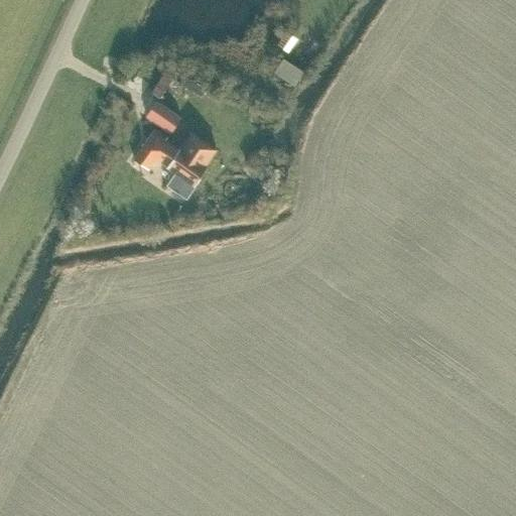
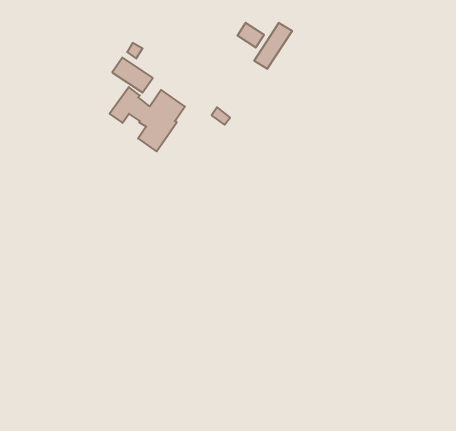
building: none -> [254,23,292,69]

